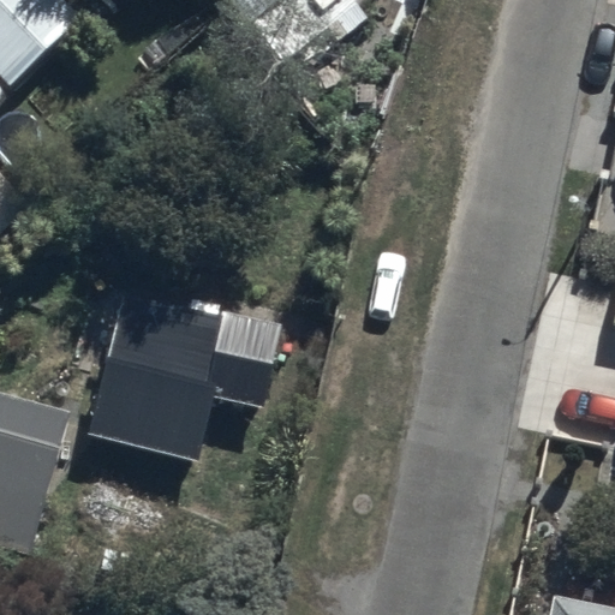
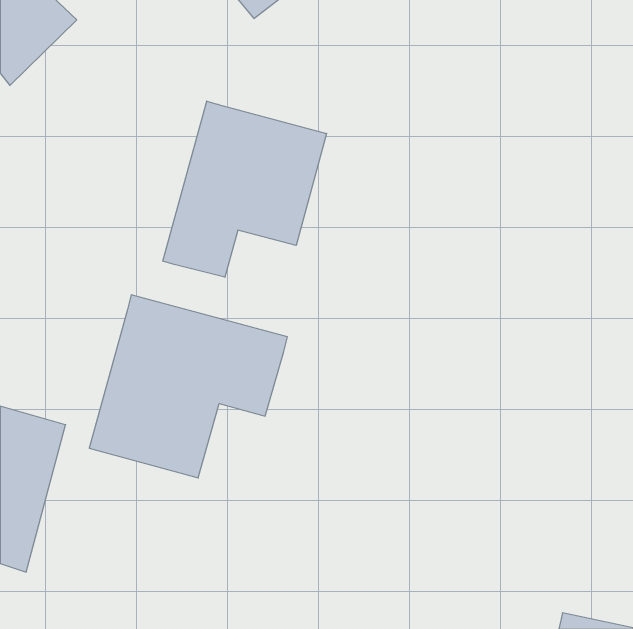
building: none -> [163,101,327,277]

